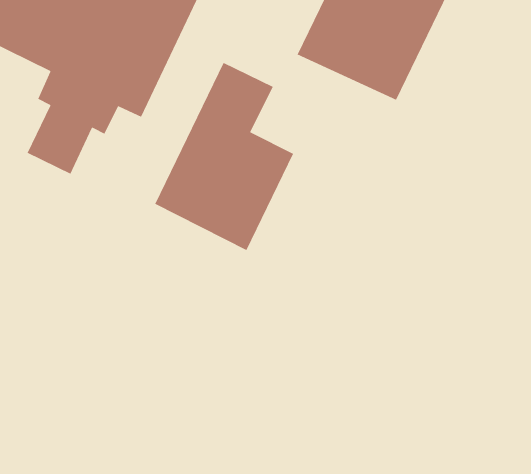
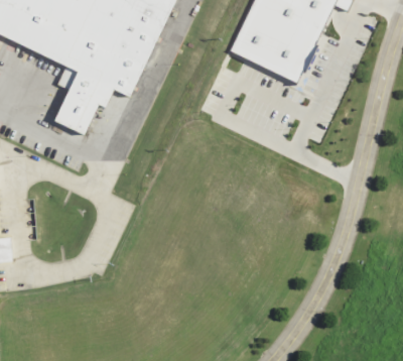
building: [154,62,294,251] -> none

